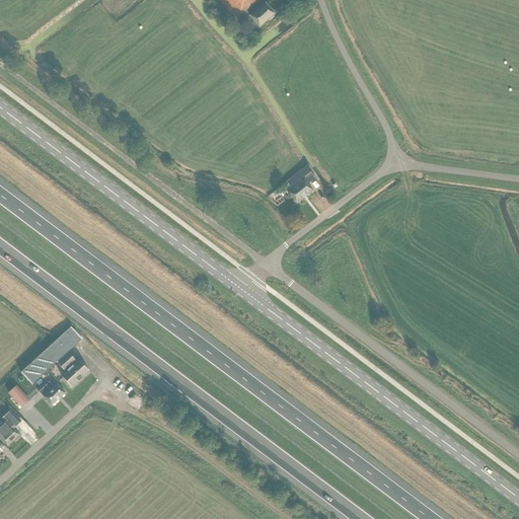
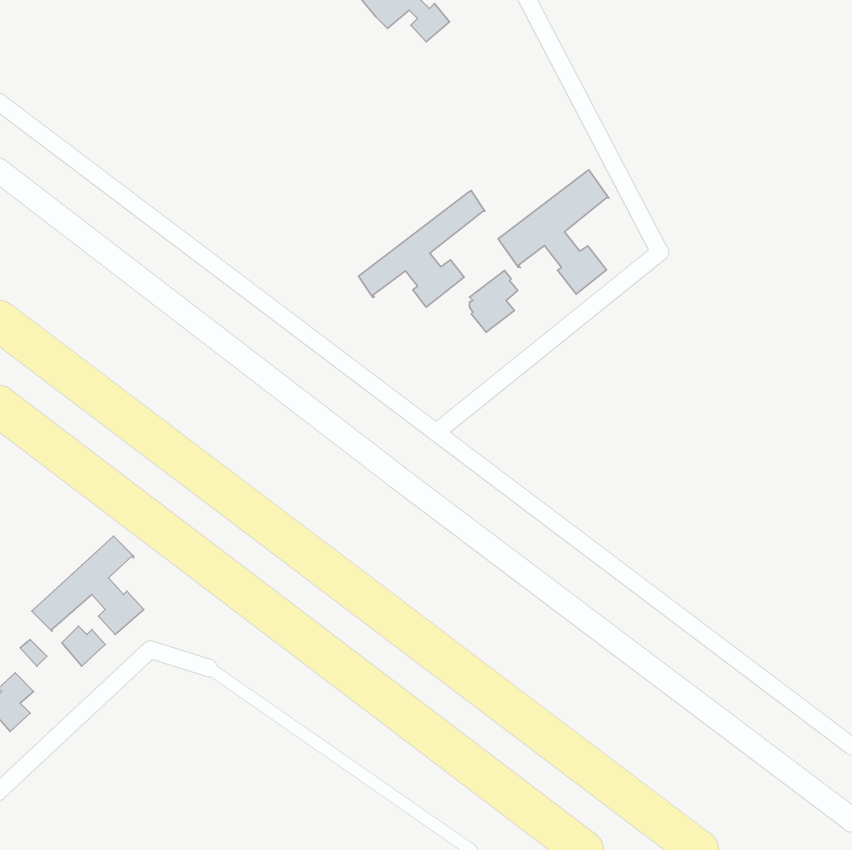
building: none -> [498,170,609,294]
building: none -> [358,190,485,307]

